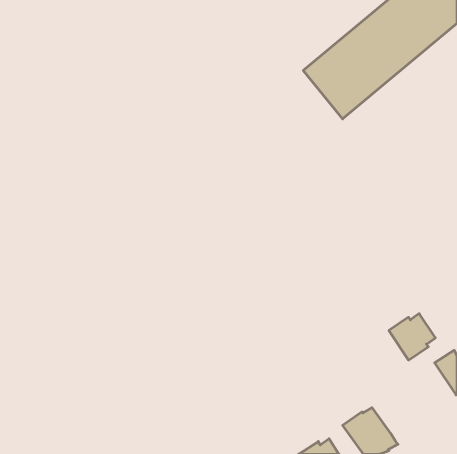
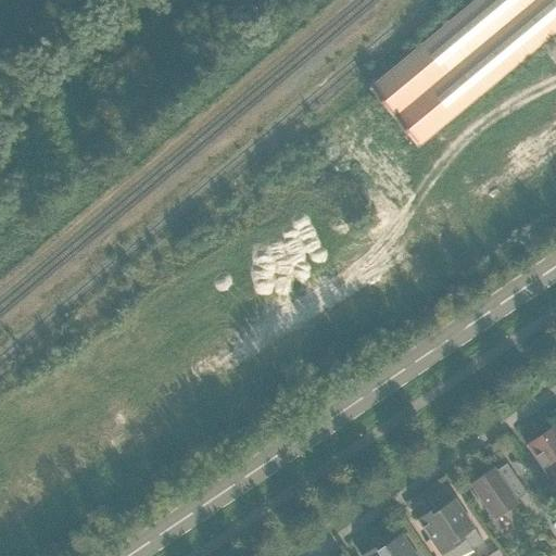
building: [389,314,435,360] -> [469,460,526,517]

